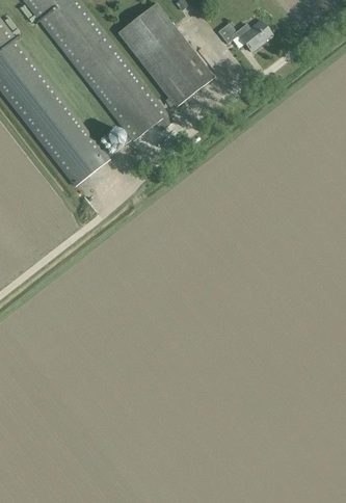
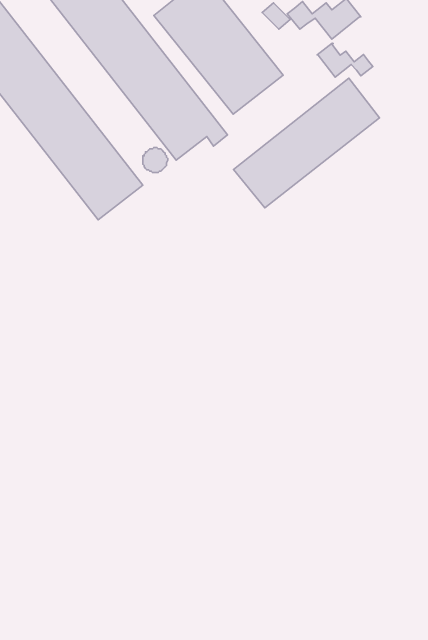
building: none -> [317,43,373,77]
building: none -> [234,78,379,208]

